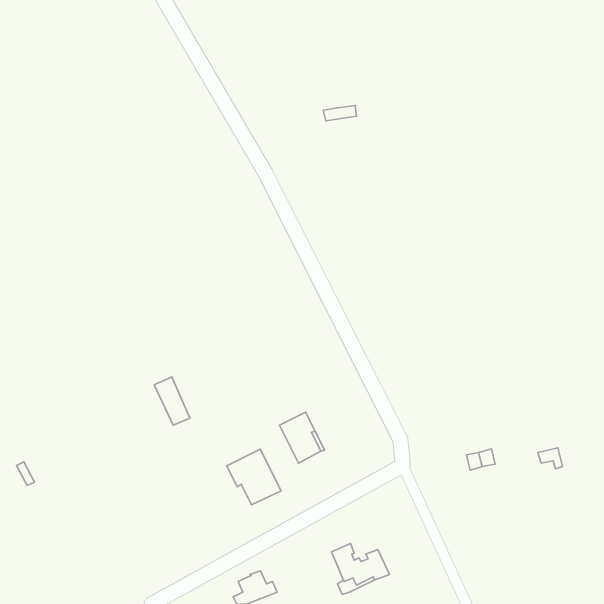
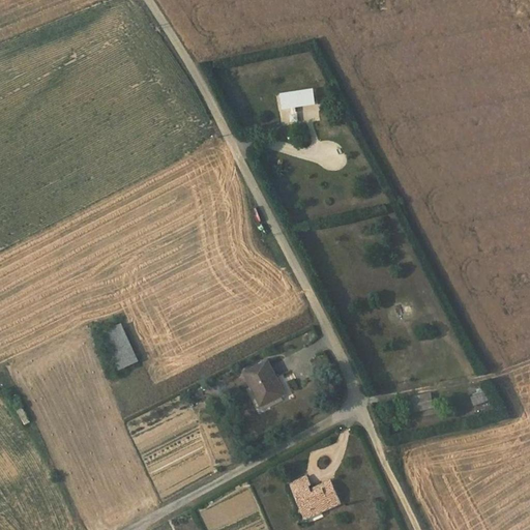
building: [154,377,190,425] -> [104,325,135,367]
building: [227,449,281,505] -> none

